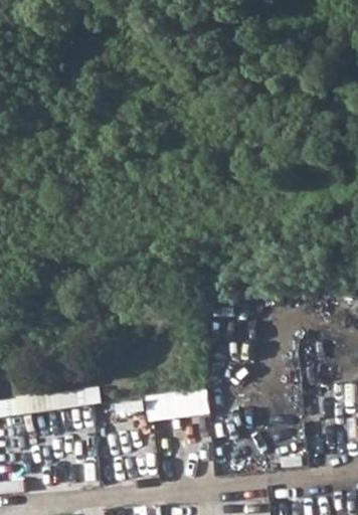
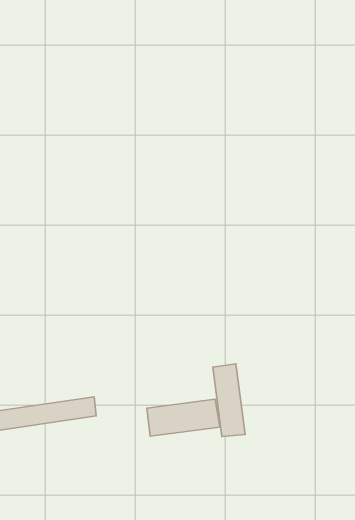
building: none -> [213,364,245,436]

